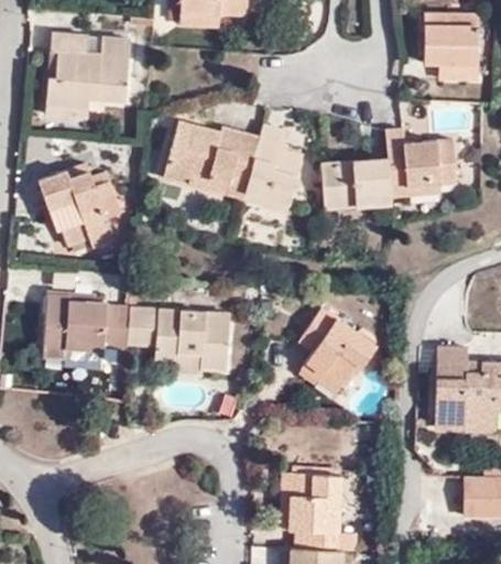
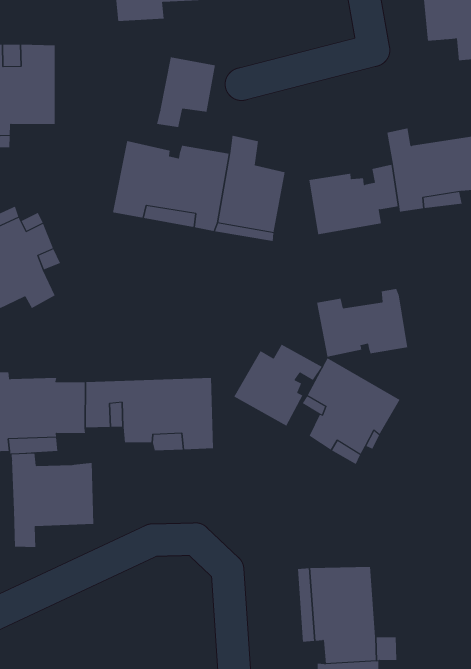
building: none -> [157,56,215,128]
building: none -> [316,288,408,358]
building: none -> [234,344,322,427]
building: none -> [11,453,94,548]

